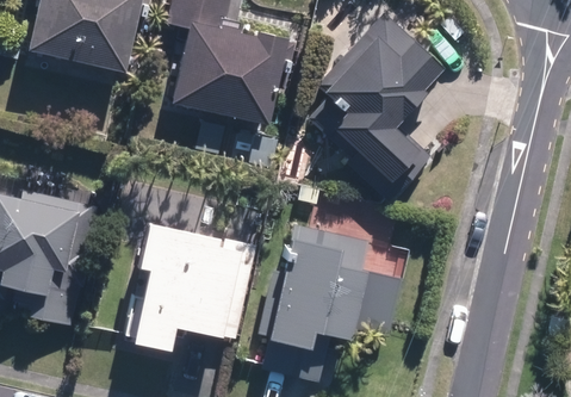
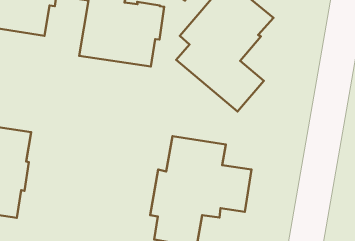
building: [125,223,255,352] -> none

